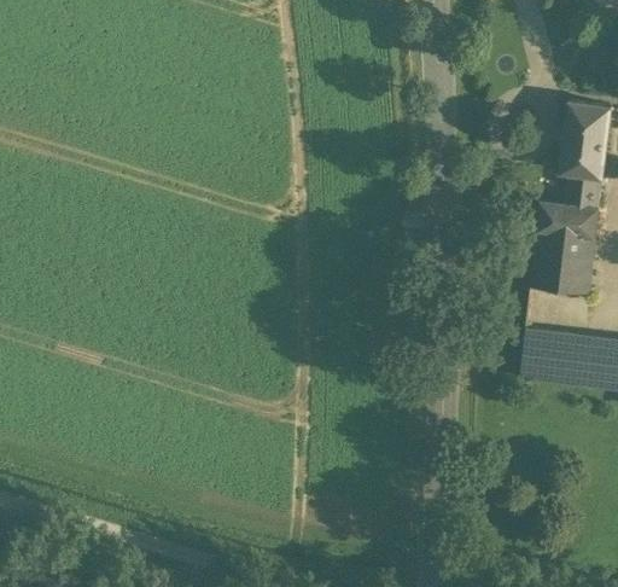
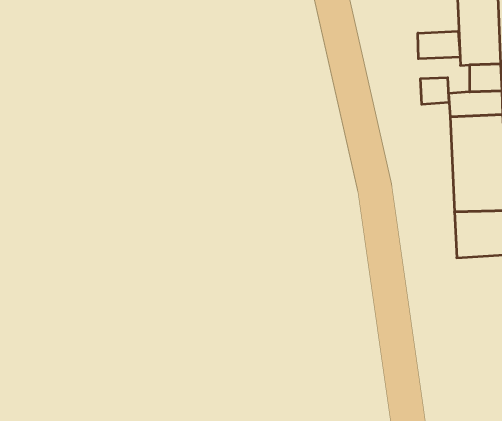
building: none -> [418,31,460,59]
building: none -> [421,78,449,104]

